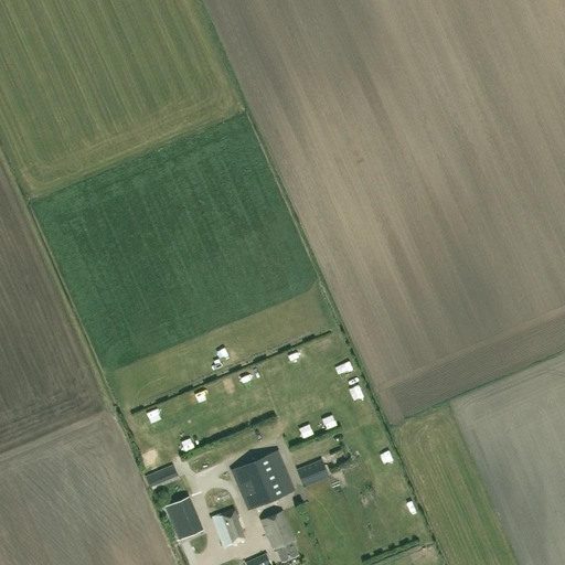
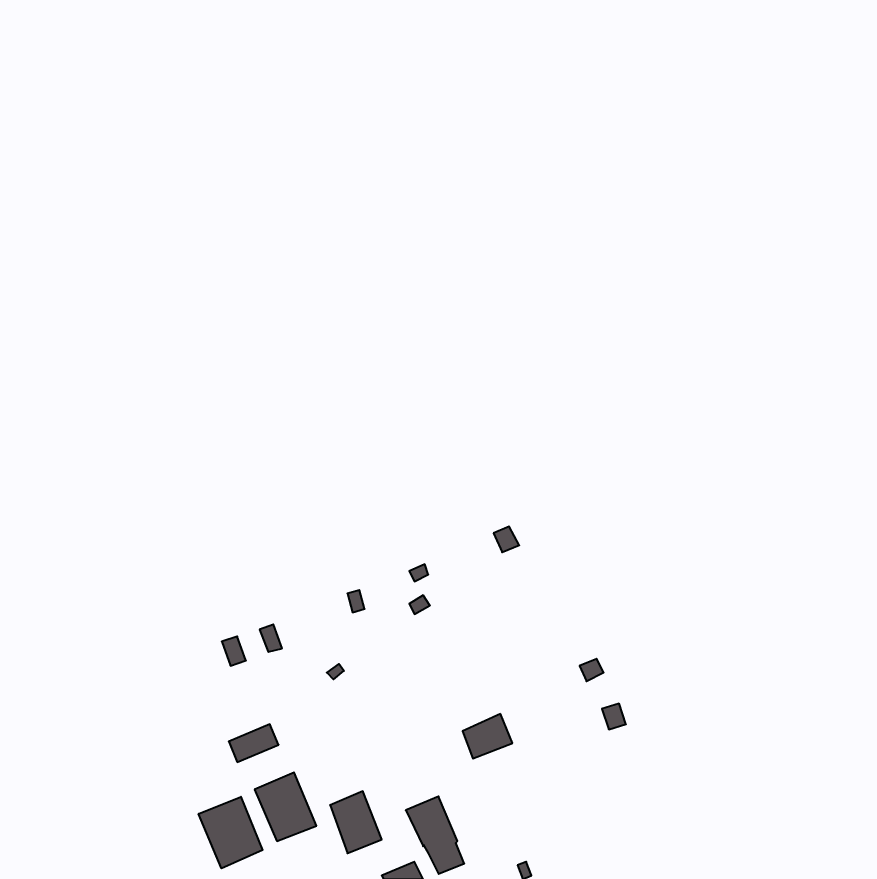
building: [231,449,296,510] -> none
building: none -> [199,797,263,868]

